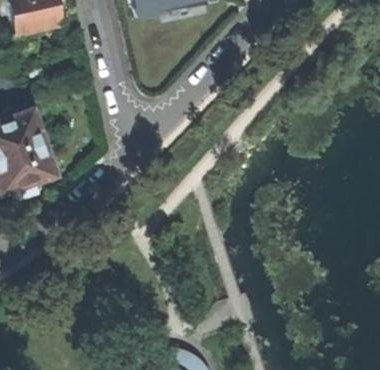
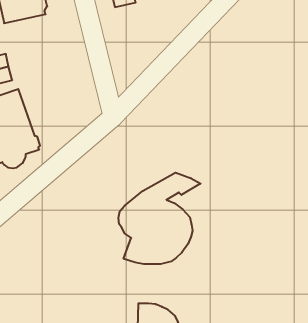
building: none -> [118,173,201,264]

